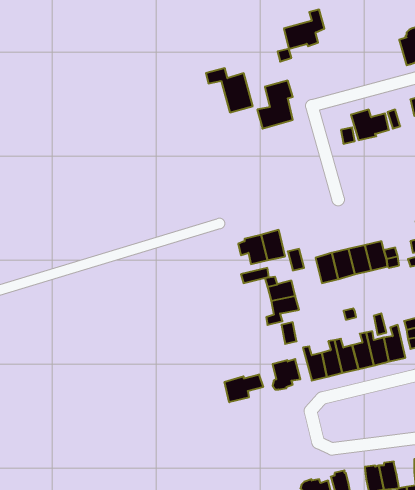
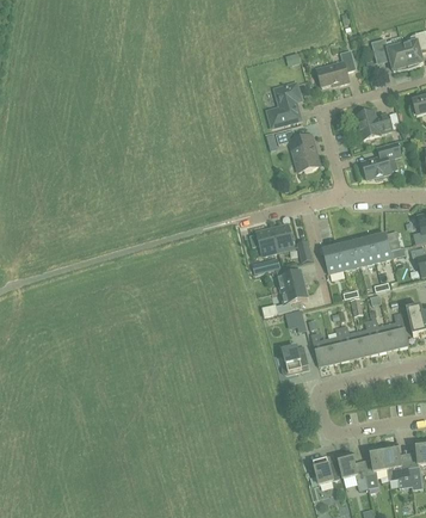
building: [284,10,324,49] -> [316,49,354,86]
building: none -> [370,37,408,69]
building: [206,68,253,112] -> [276,128,320,169]
building: none -> [362,141,400,178]
building: [225,374,263,402] -> none

